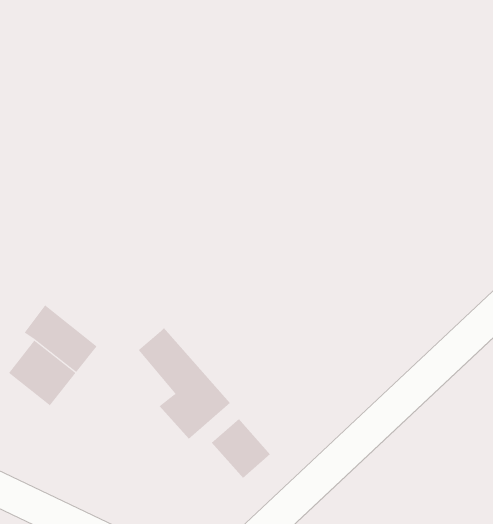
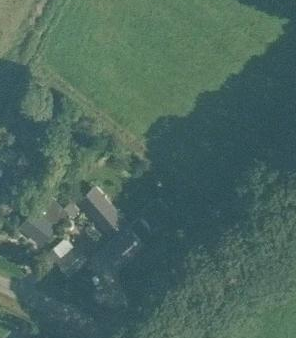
building: none -> [54,244,86,276]
building: [211,418,271,479] -> none

